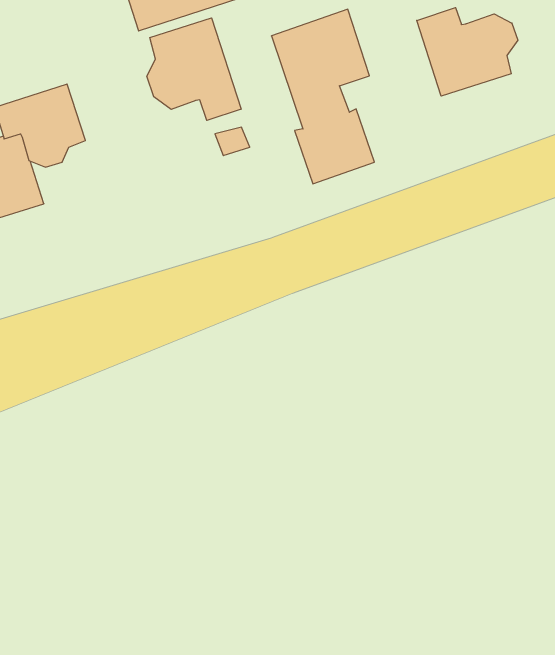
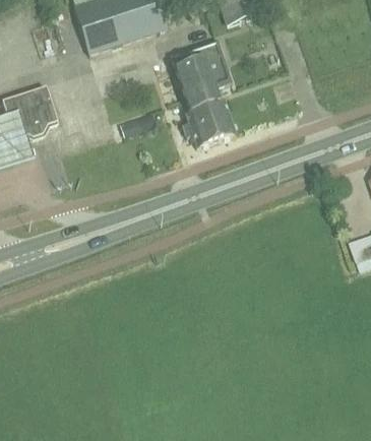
building: [417,8,518,96] -> none
building: [147,18,241,120] -> none

